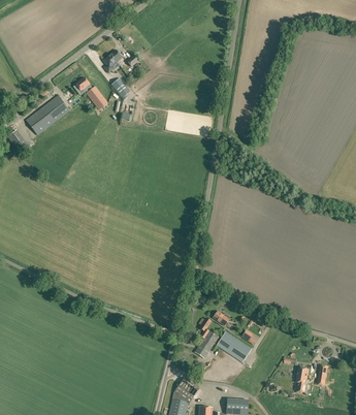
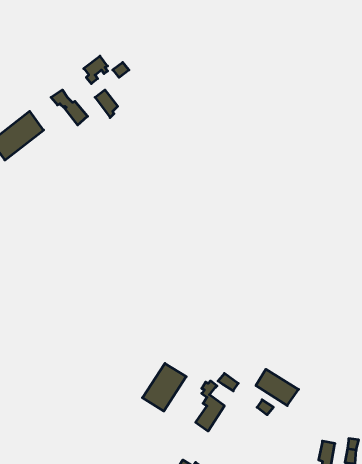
building: none -> [142,363,186,411]
building: [217,330,252,360] -> [256,369,299,406]

